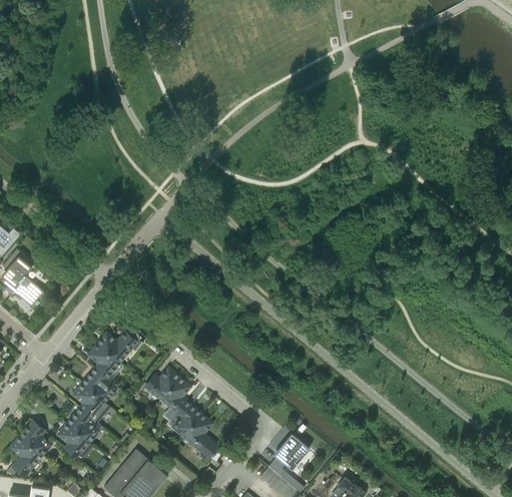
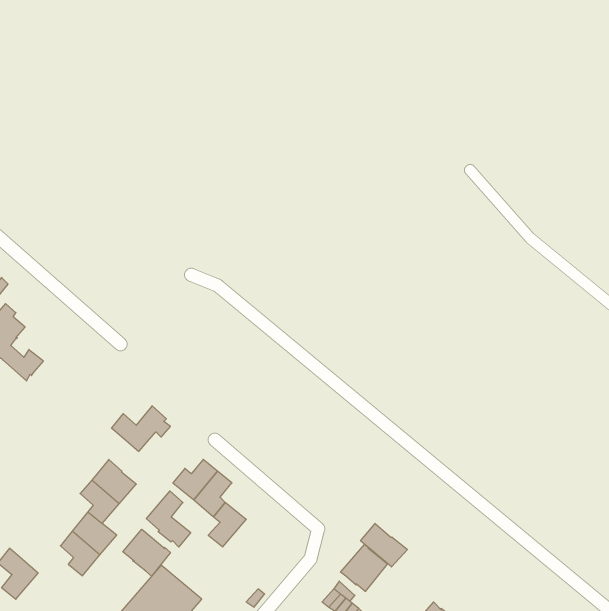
building: [88,344,118,377] -> none
building: [182,414,216,457] -> [146,491,191,547]
building: none -> [361,523,407,567]
building: [19,421,50,455] -> none
building: none -> [123,529,170,576]

